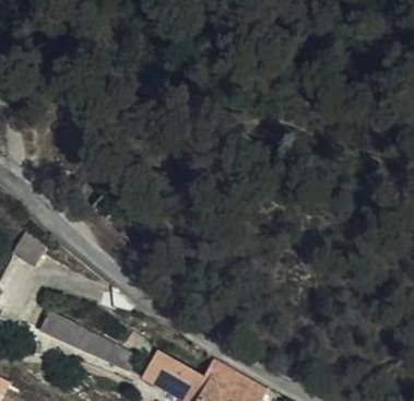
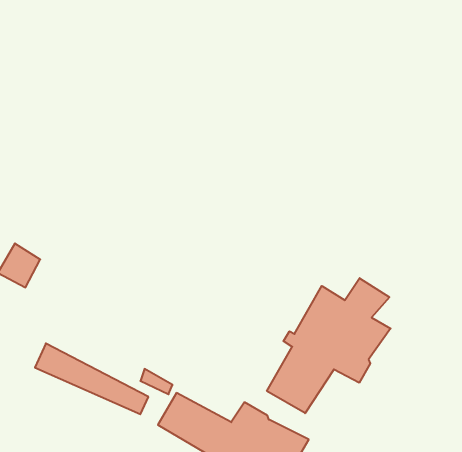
building: none -> [267,278,391,413]

